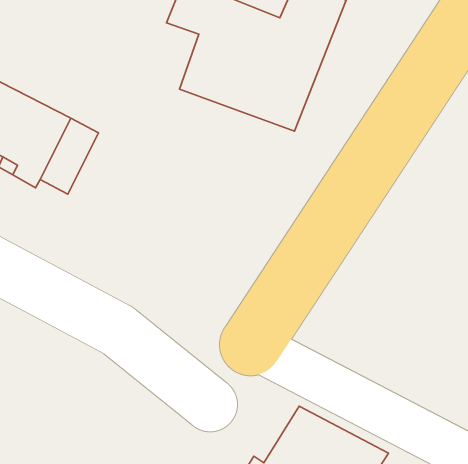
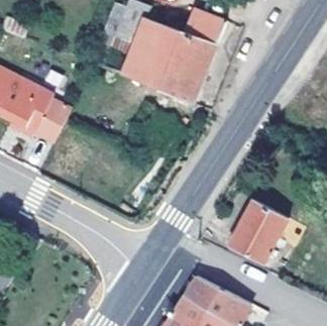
building: none -> [230,199,288,260]

